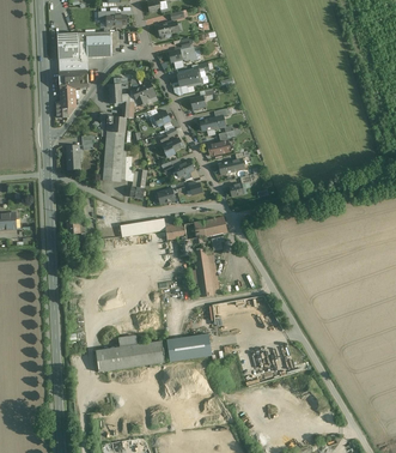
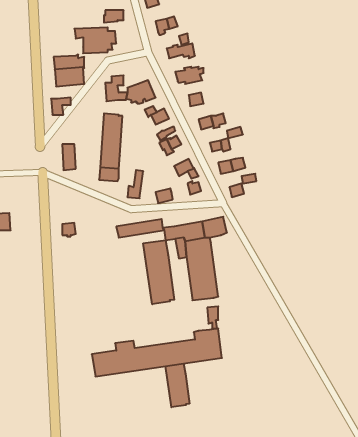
building: [56,32,79,60] -> none
building: none -> [143,240,174,304]
building: none -> [166,364,189,407]

